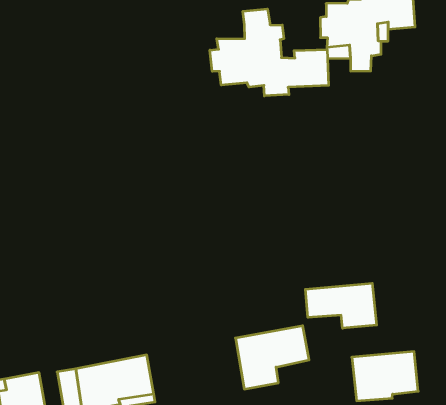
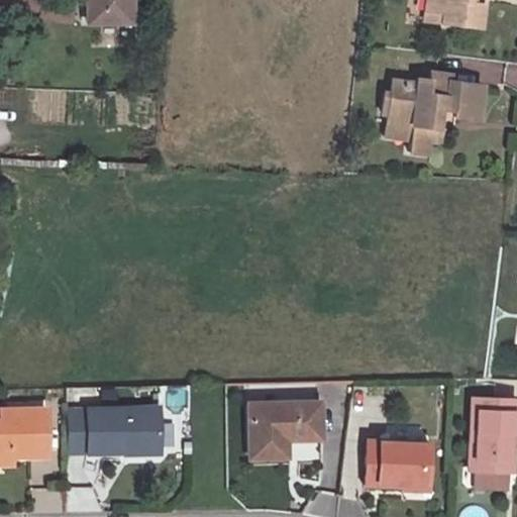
building: [210,9,329,96] -> none
building: [305,283,377,328] -> none

